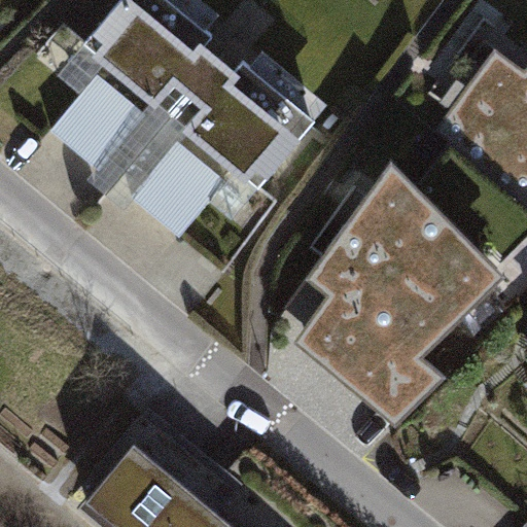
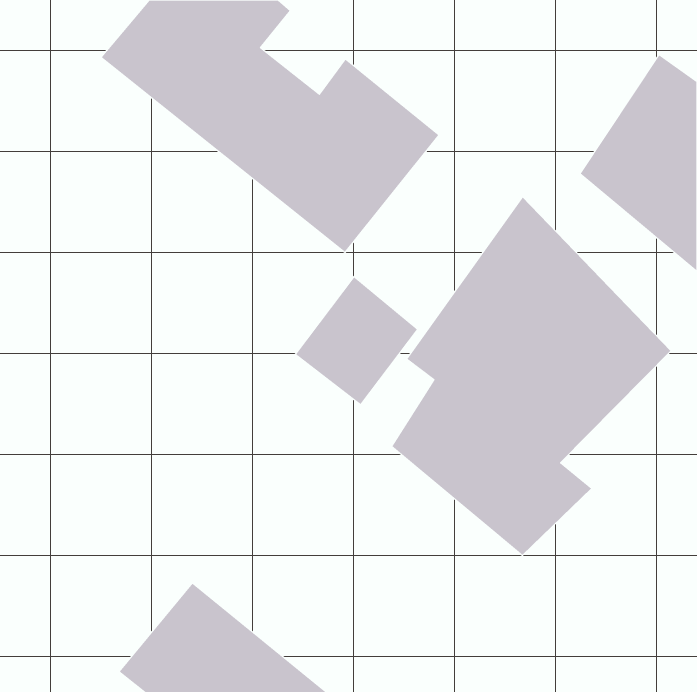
building: [50,78,142,171] -> none
building: [131,142,223,239] -> [295,276,418,405]

